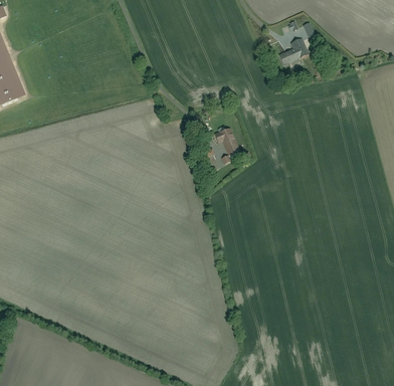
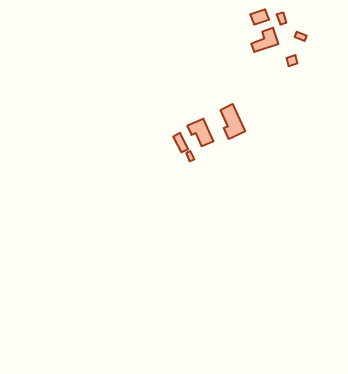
building: none -> [221,104,245,139]

